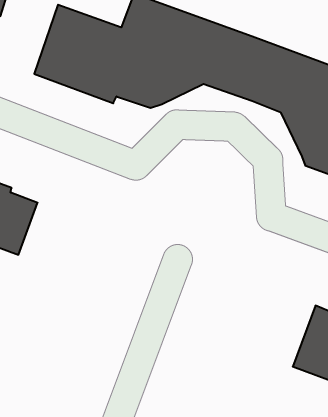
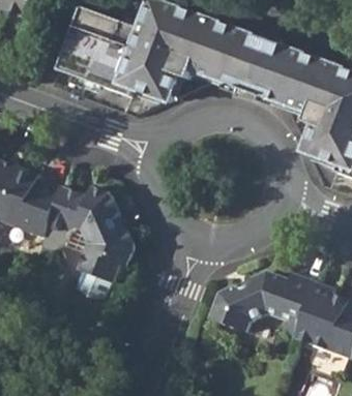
building: none -> [39,187,134,298]
building: none -> [208,271,316,338]

